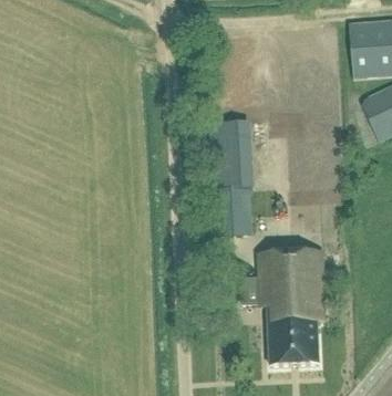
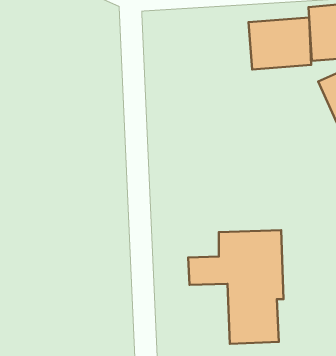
building: none -> [249,18,311,69]
building: [207,122,252,236] -> none

